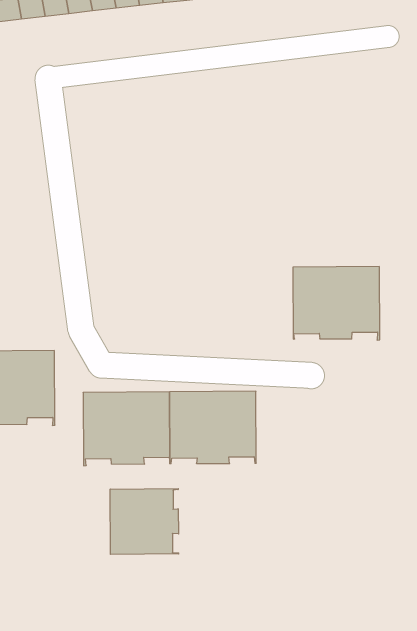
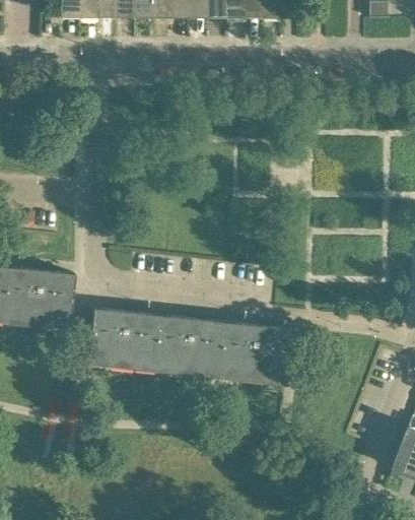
building: [293,267,380,340] -> [218,322,290,385]
building: [110,489,179,554] -> none

